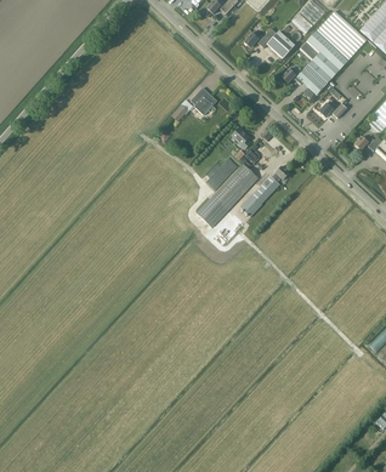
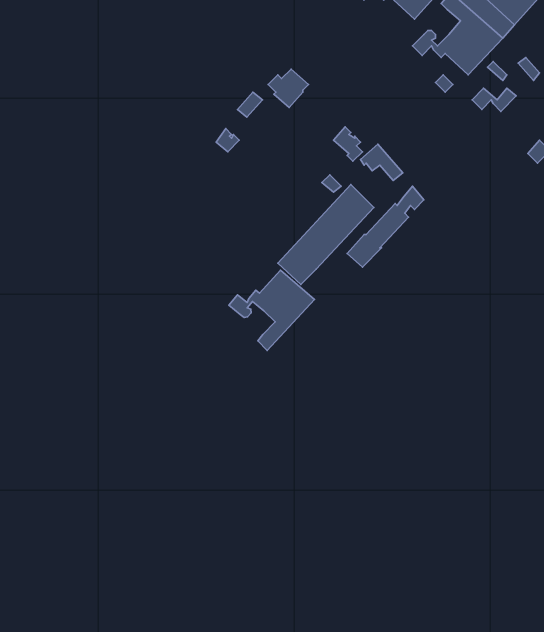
building: none -> [229,270,315,350]

